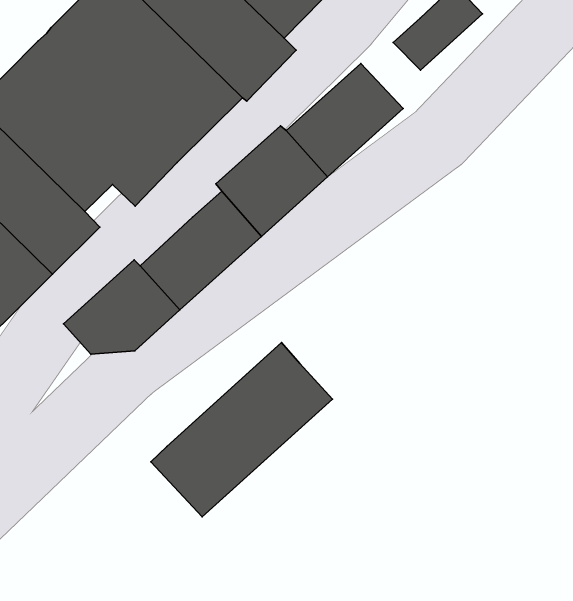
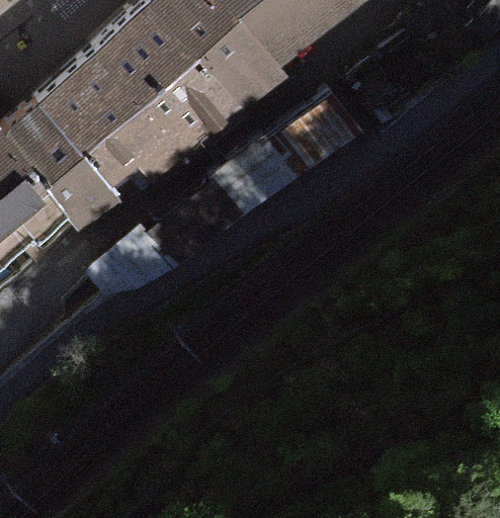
building: [151,343,333,517] -> none

